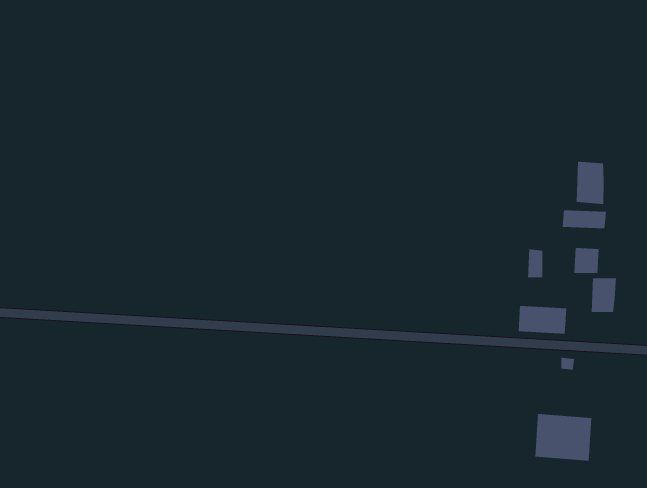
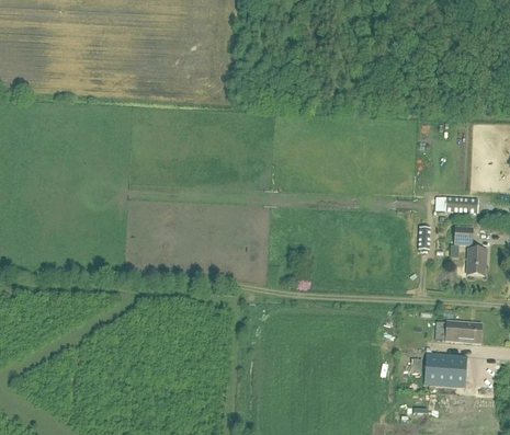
building: [576,161,604,205] -> none
building: [518,305,567,334] -> [444,320,481,342]

